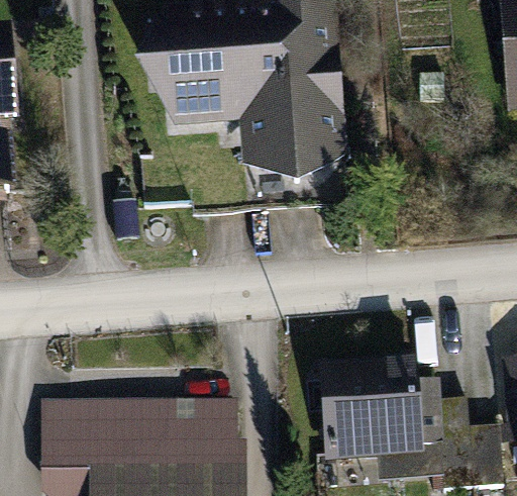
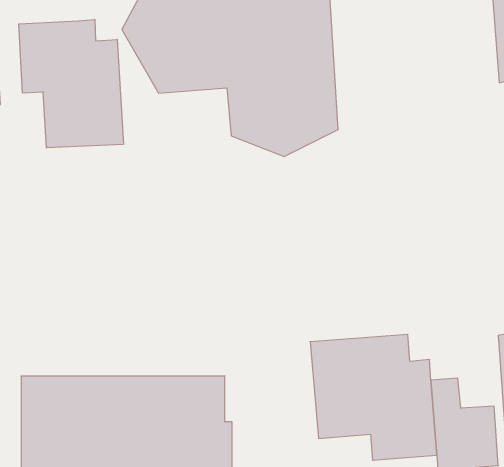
building: none -> [19,19,123,148]

